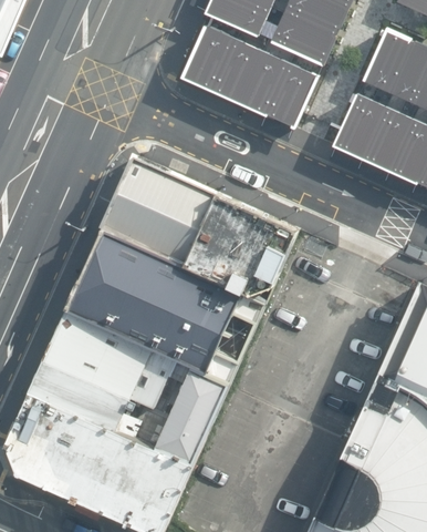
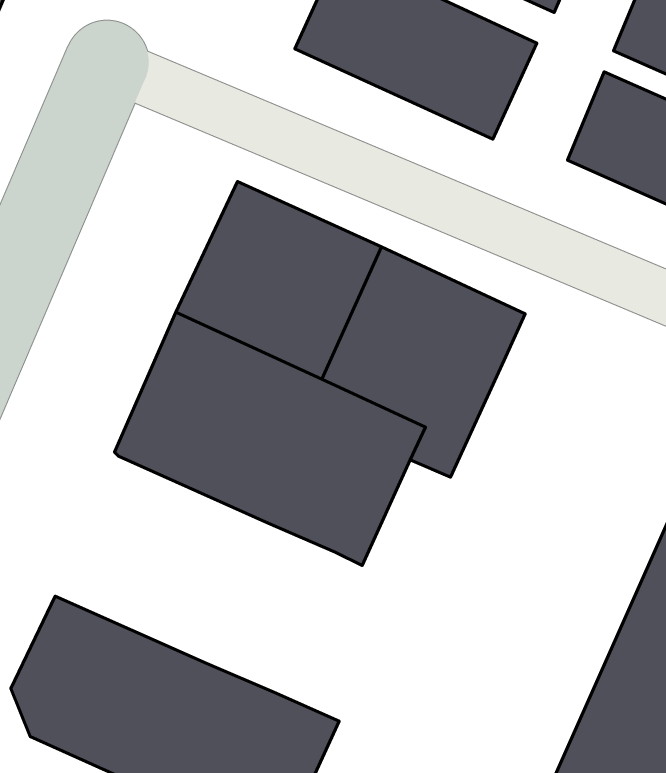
building: [33,313,171,432] -> none
building: [159,368,235,466] -> none

